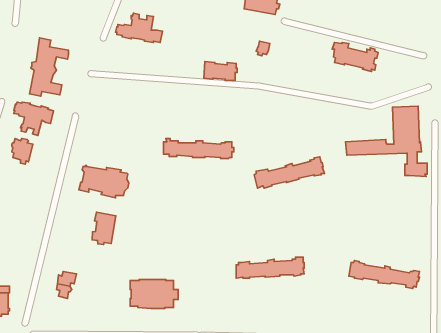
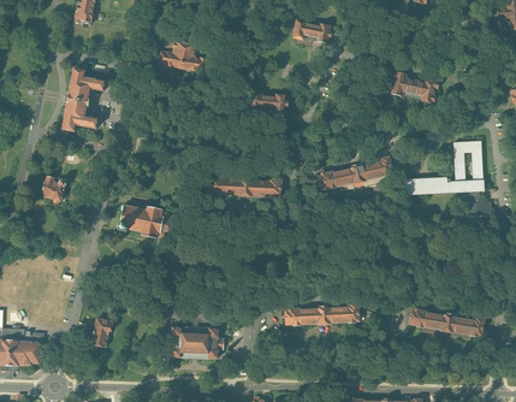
building: [14,102,53,135] -> none
building: [254,157,324,188] -> [318,158,393,191]
building: [92,212,116,244] -> none

